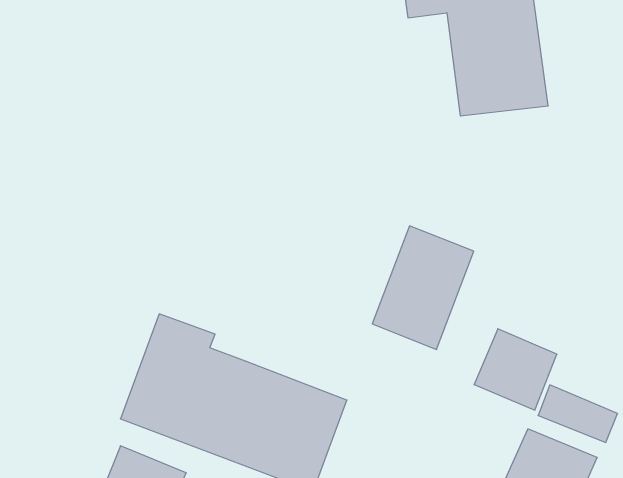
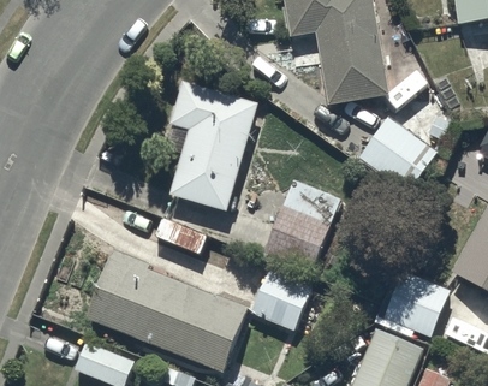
building: none -> [166,82,257,212]
building: none -> [359,115,438,191]
building: [474,329,557,410] -> [252,268,311,326]

